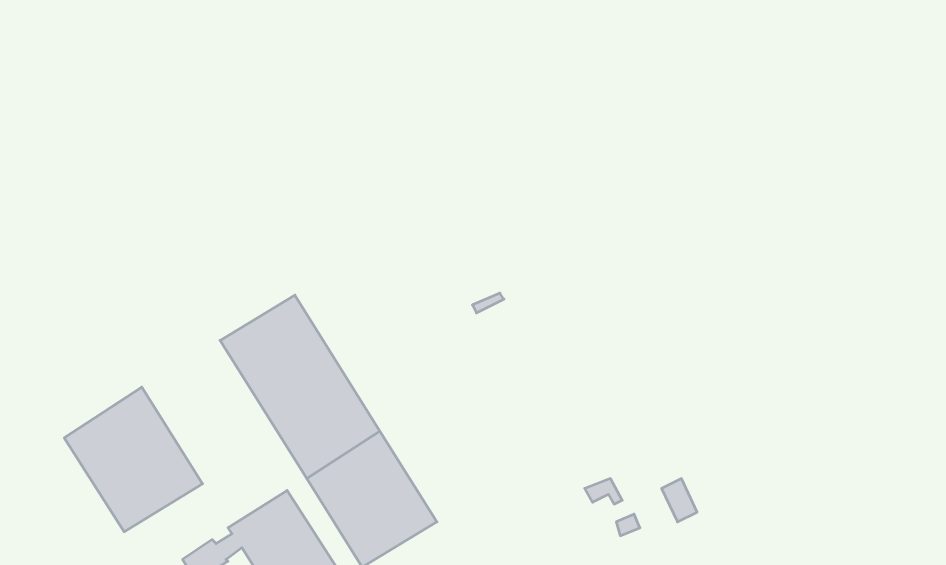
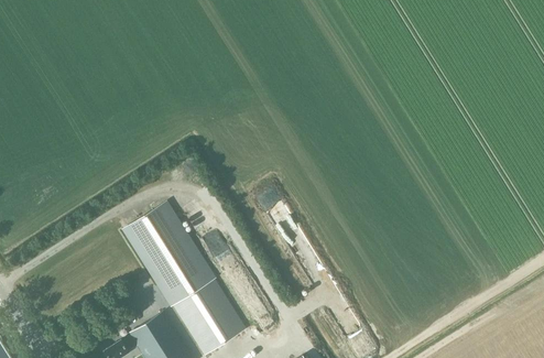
building: [64,387,203,532] -> none

